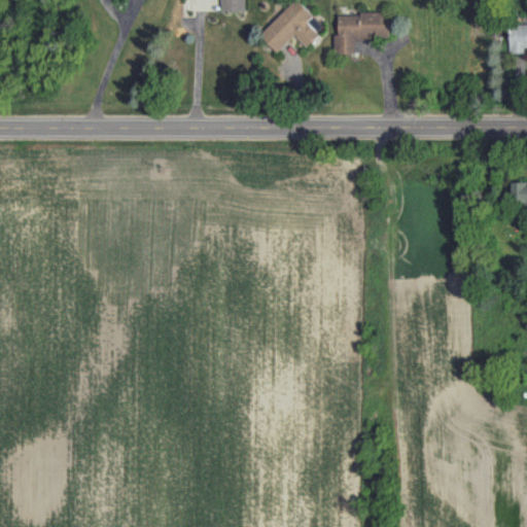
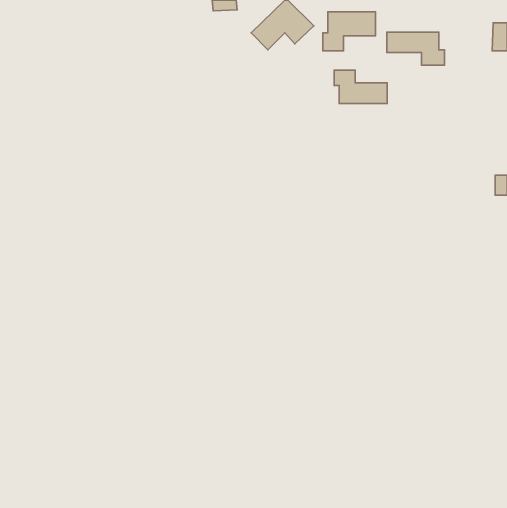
building: none -> [387,32,444,65]
building: none -> [334,70,387,103]

